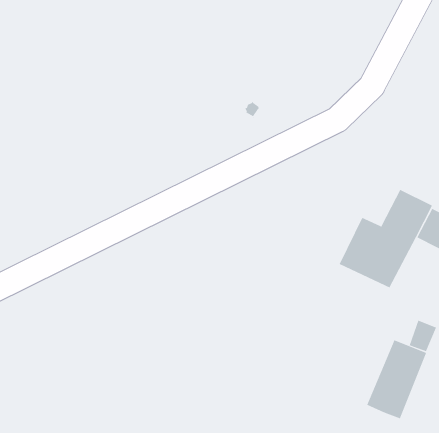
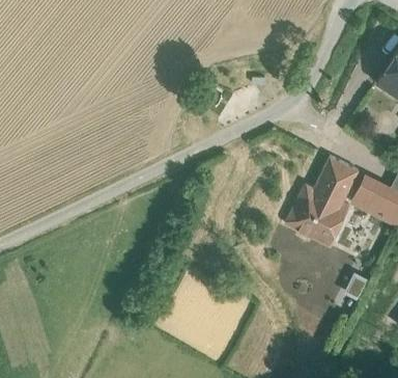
building: [366,340,427,419] -> none

